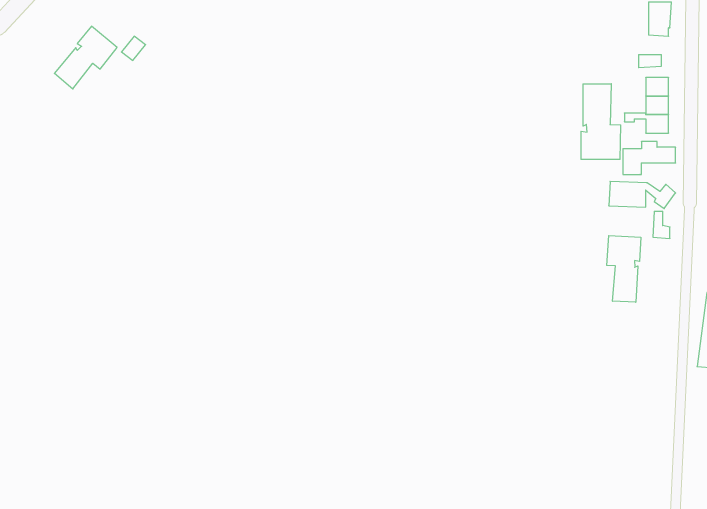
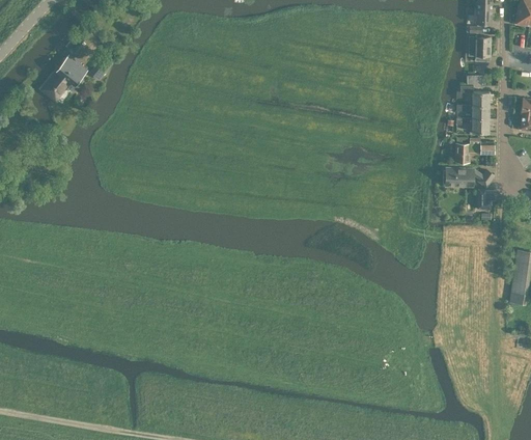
building: [581,84,621,159] -> none
building: [607,236,641,302] -> none

